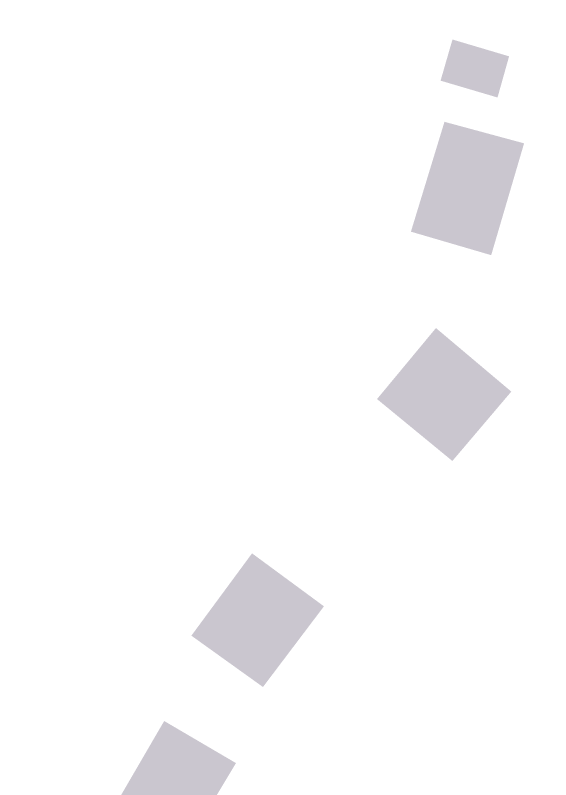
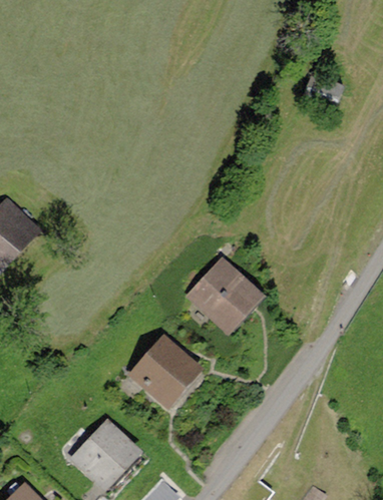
building: [410,121,525,256] -> none
building: [376,327,512,462] -> [185,258,260,332]

